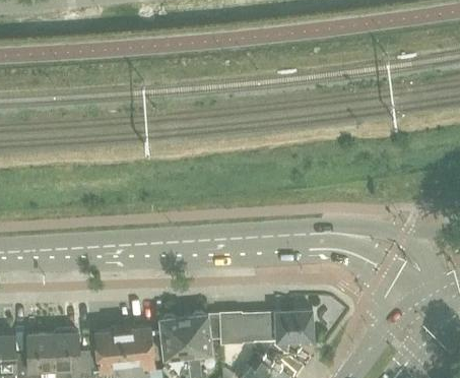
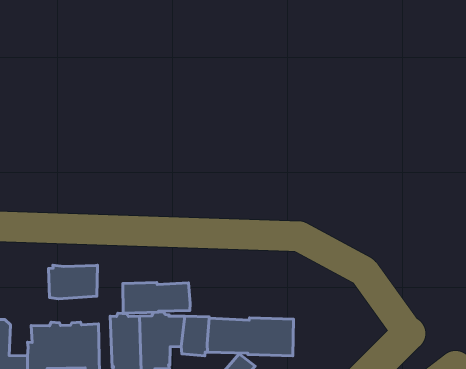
building: none -> [49,265,97,299]
building: none -> [123,283,190,313]

